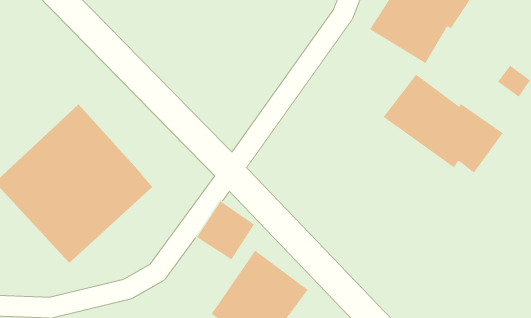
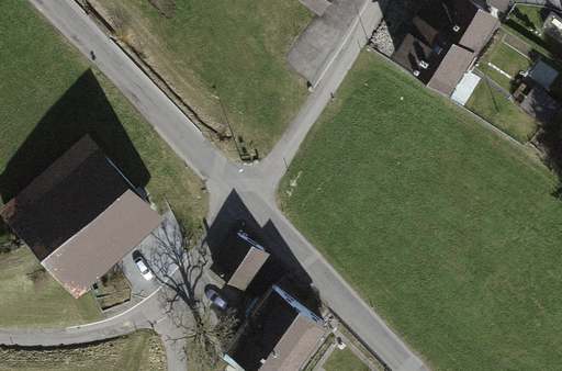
building: [383,74,503,174] -> none

